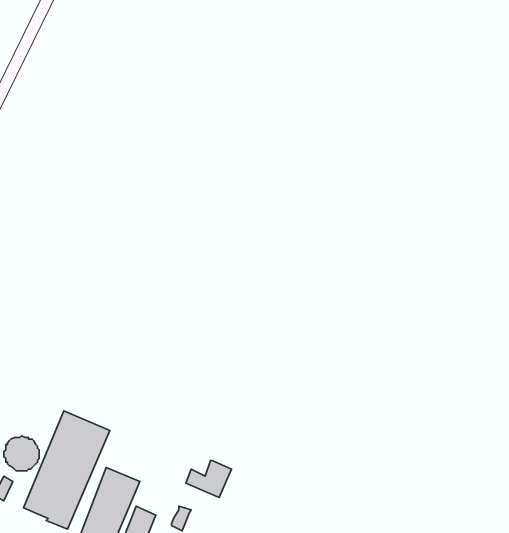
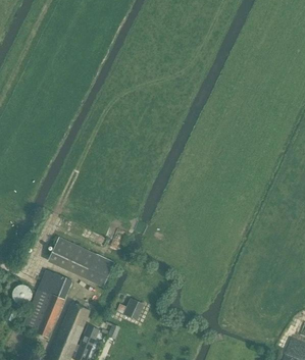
building: none -> [49,235,116,285]

